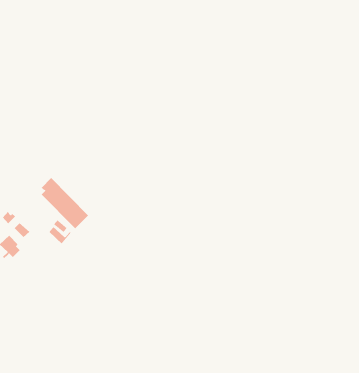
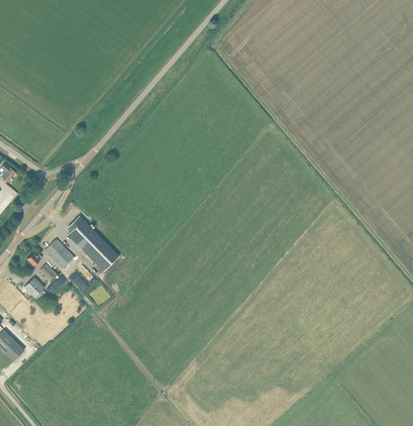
building: none -> [45,238,74,268]

